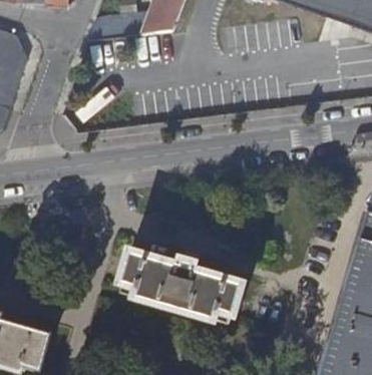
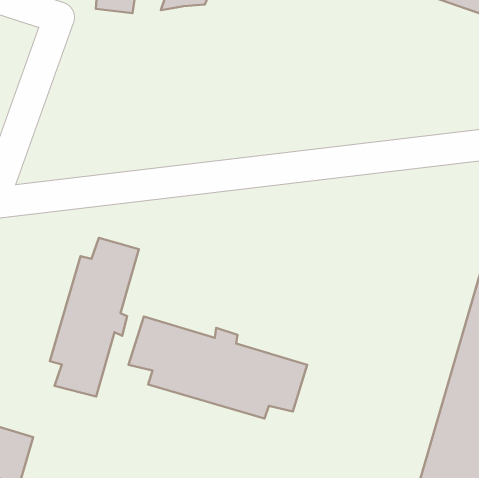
building: none -> [50,238,139,397]

